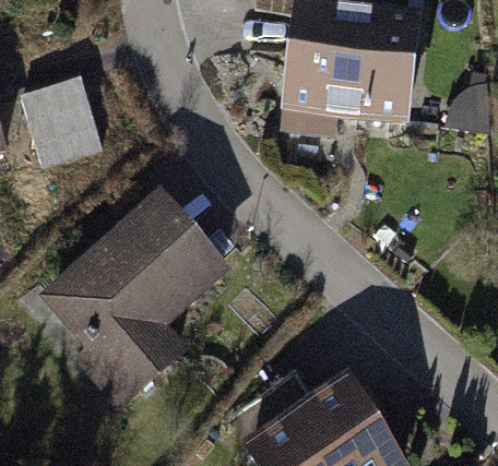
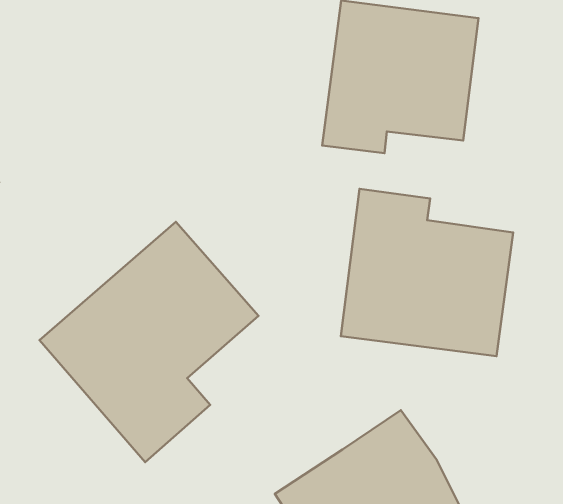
building: [13,73,109,171] -> none
building: none -> [341,189,513,356]

